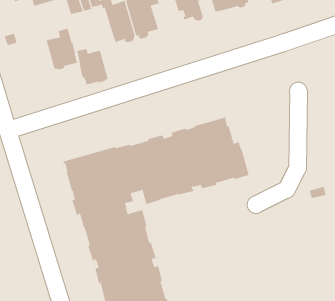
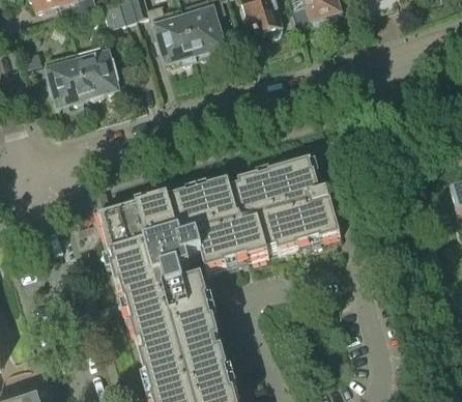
building: [76,48,109,85] -> [47,57,88,105]

